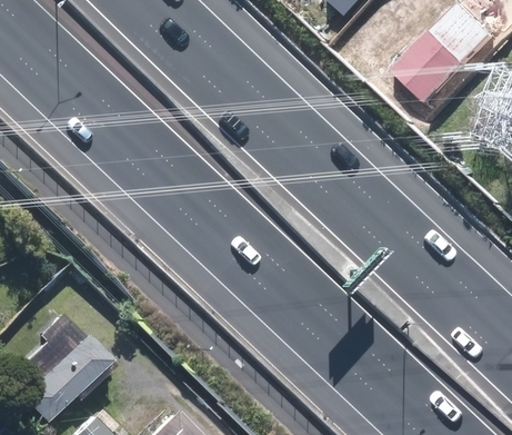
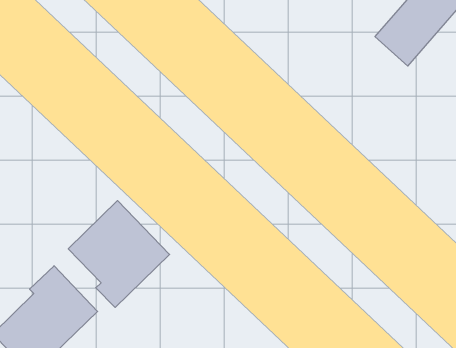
building: none -> [68,201,170,307]

